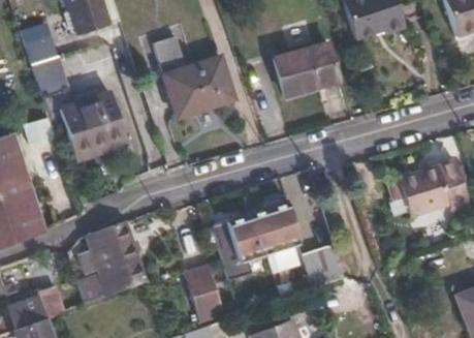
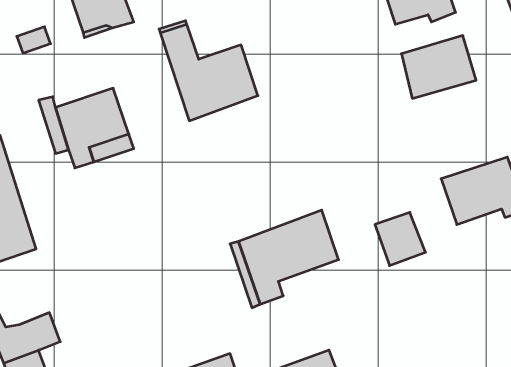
building: [274,43,338,97] -> [401,36,476,98]
building: [33,56,68,98] -> none
building: [83,221,146,304] -> none
building: [303,241,346,286] -> [375,212,426,266]
building: [187,265,228,317] -> none

